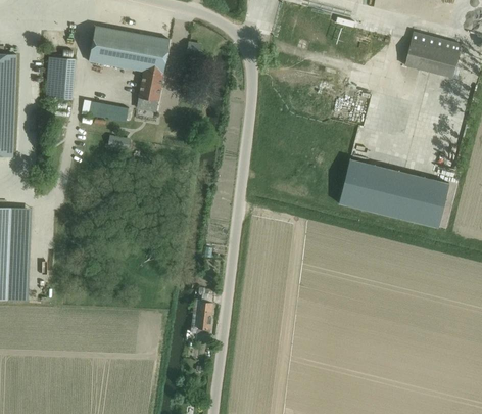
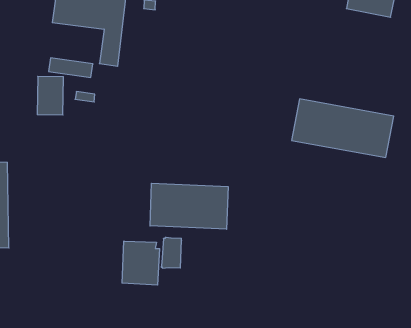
building: [45,57,76,100] -> [37,76,63,115]
building: none -> [150,183,228,229]
building: none -> [122,241,160,285]

